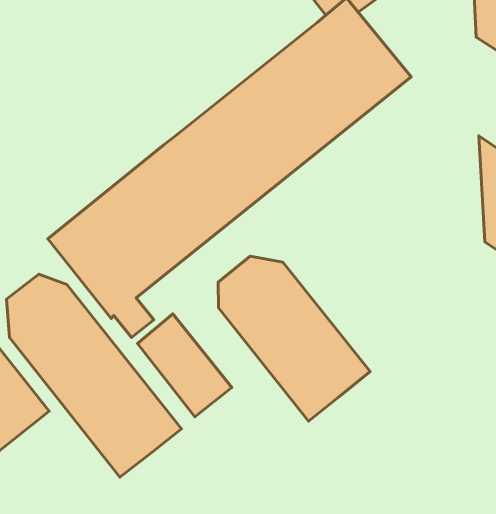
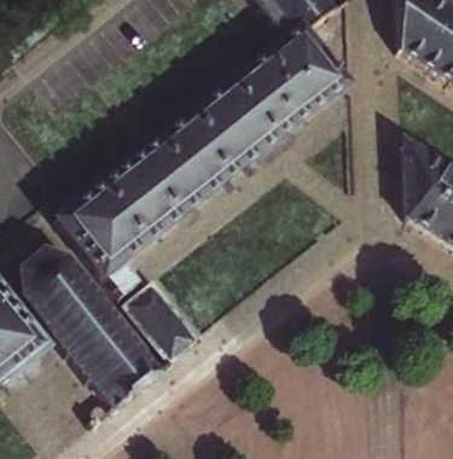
building: [218,256,370,421] -> none

